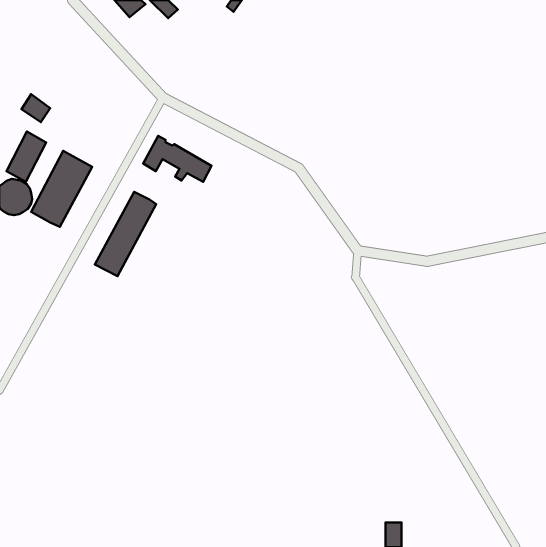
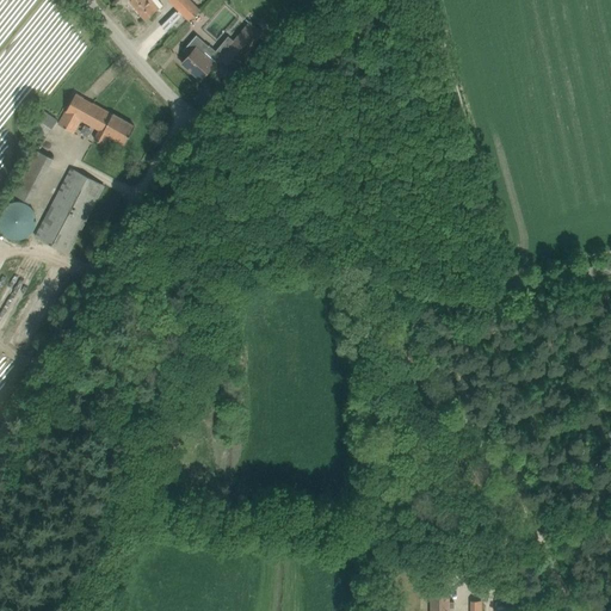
building: none -> [180,33,253,80]
building: [143,136,212,182] -> [57,93,134,144]
building: [95,192,156,276] -> none

